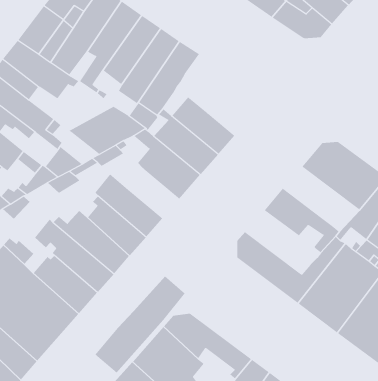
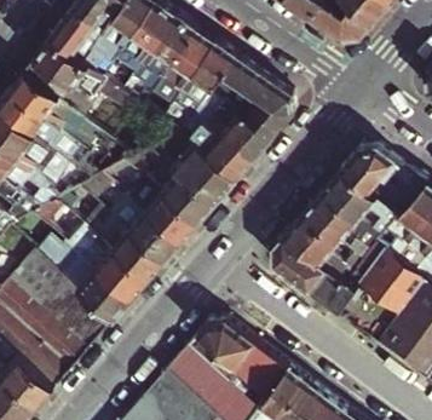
building: none -> [220,57,294,140]
building: none -> [319,172,398,238]
building: none -> [160,174,214,225]
building: none -> [281,217,347,282]
building: [94,276,186,373] -> none

